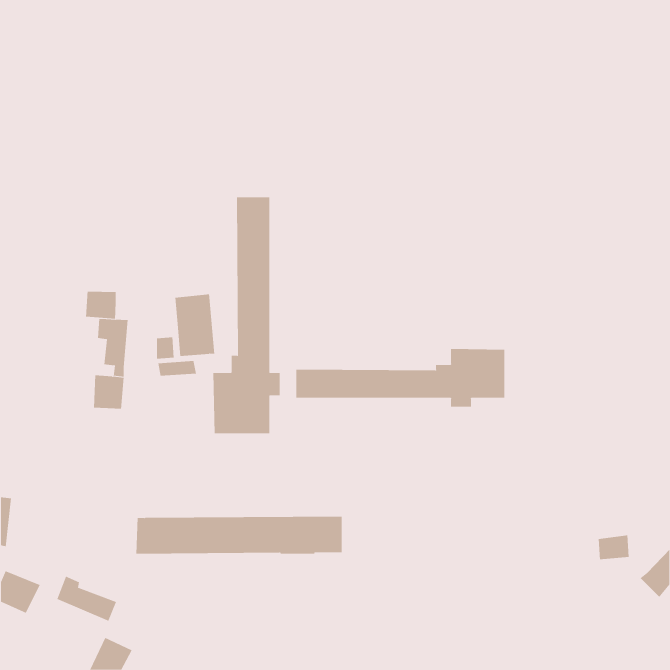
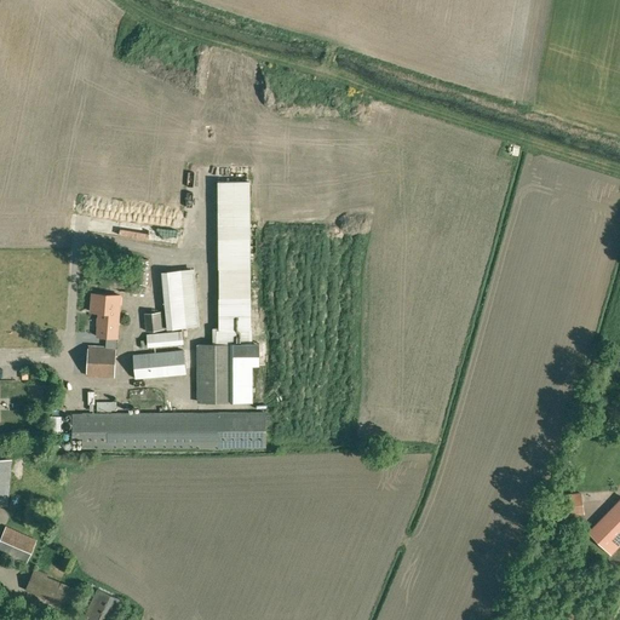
building: [85,291,116,319] -> none
building: [296,348,505,408] -> none
building: none -> [132,351,184,379]
building: [135,516,343,554] -> [74,413,265,448]
building: [56,576,117,622] -> [25,568,81,610]

